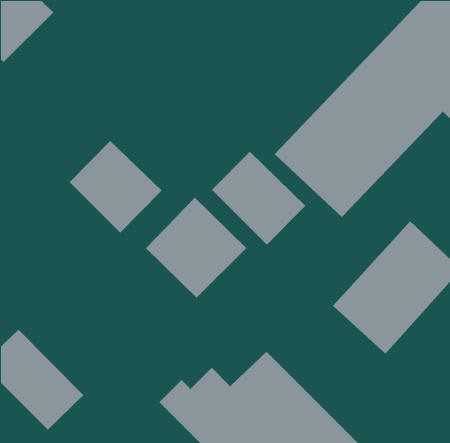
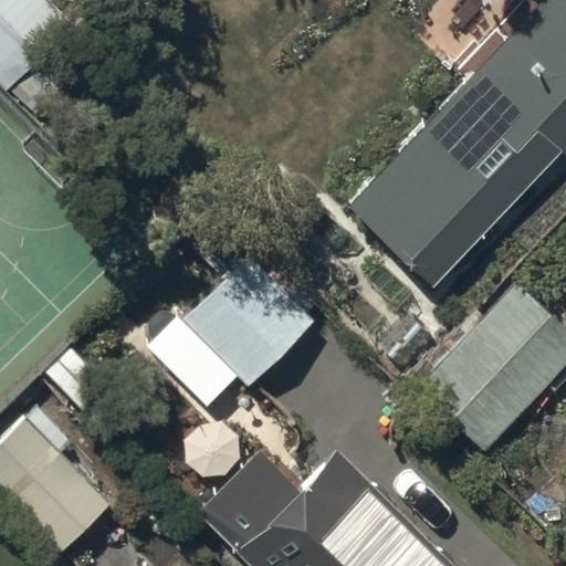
building: [69,140,162,233] -> none
building: [211,151,306,246] -> none

